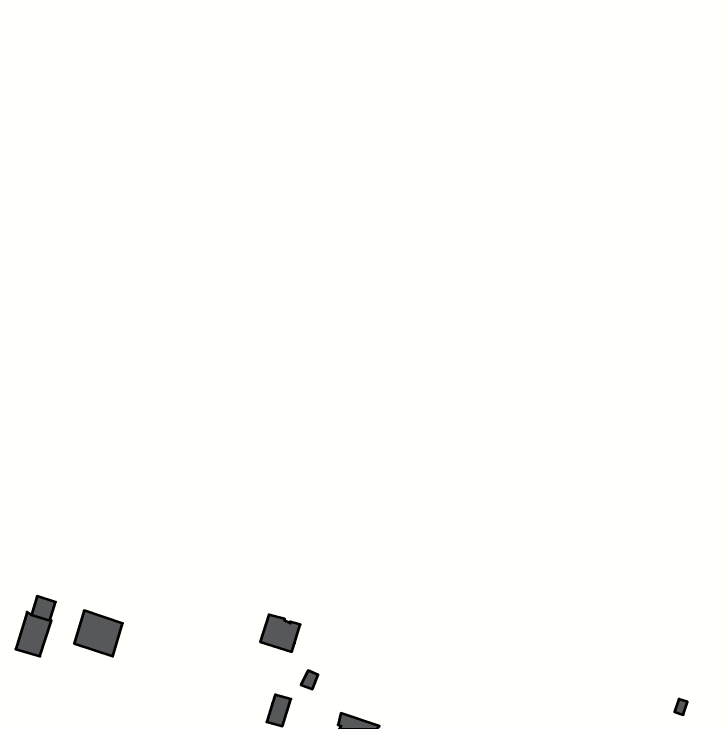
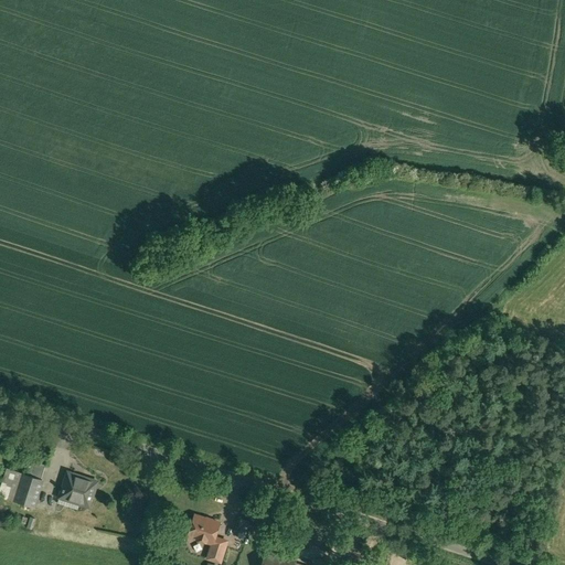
building: [260,615,300,652] -> [186,515,217,544]

